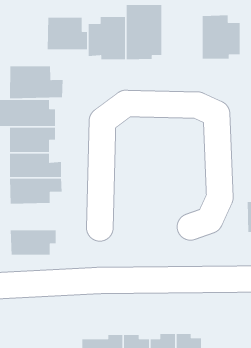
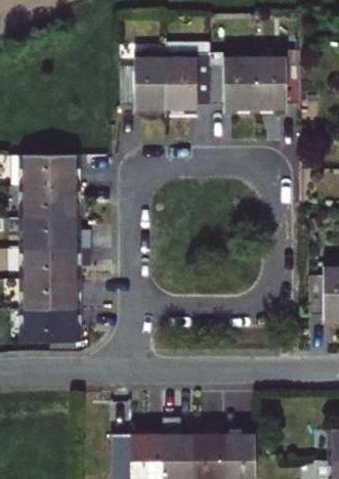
building: none -> [206,53,253,108]
building: [47,17,88,50] -> none
building: [9,66,64,99] -> none
building: none -> [26,279,81,310]

